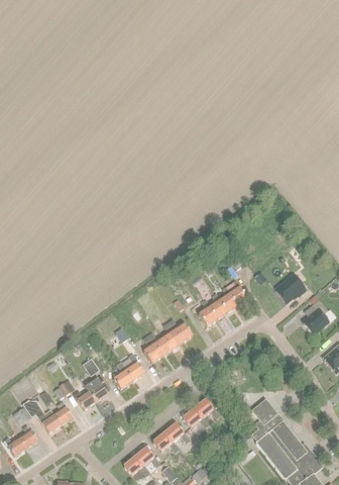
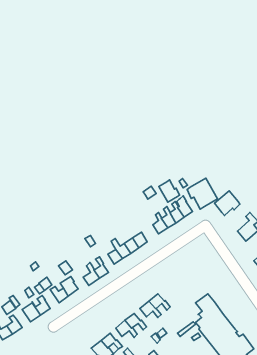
building: none -> [187,178,218,209]
building: none -> [159,180,179,202]

